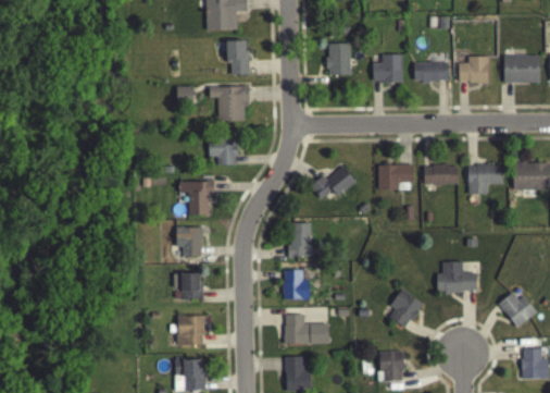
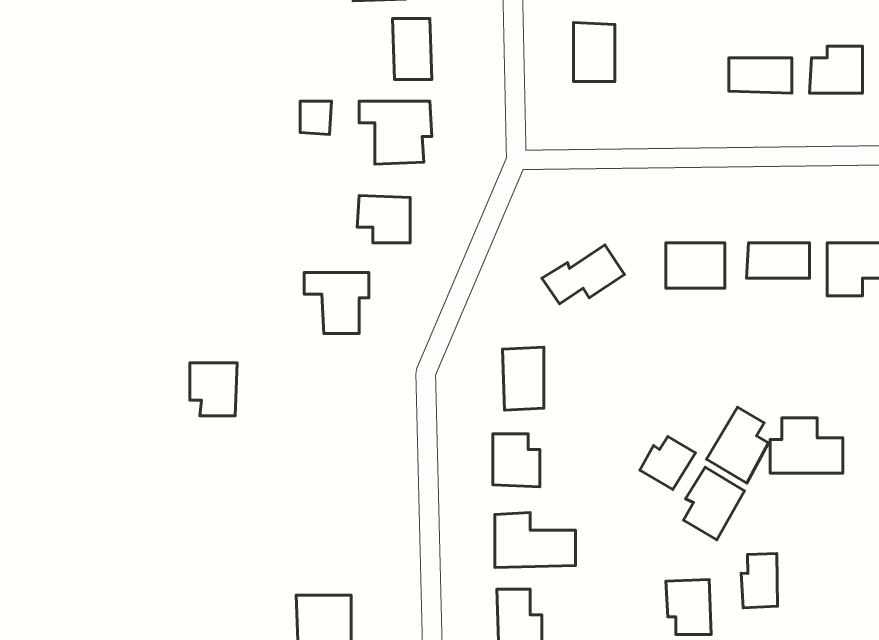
building: [373,53,403,82] -> none
building: [177,226,203,256] -> [190,363,237,416]
building: none -> [707,407,768,483]
building: none -> [640,436,696,489]
building: [175,273,202,299] -> none
building: [177,315,212,345] -> none
building: none -> [741,554,778,608]

